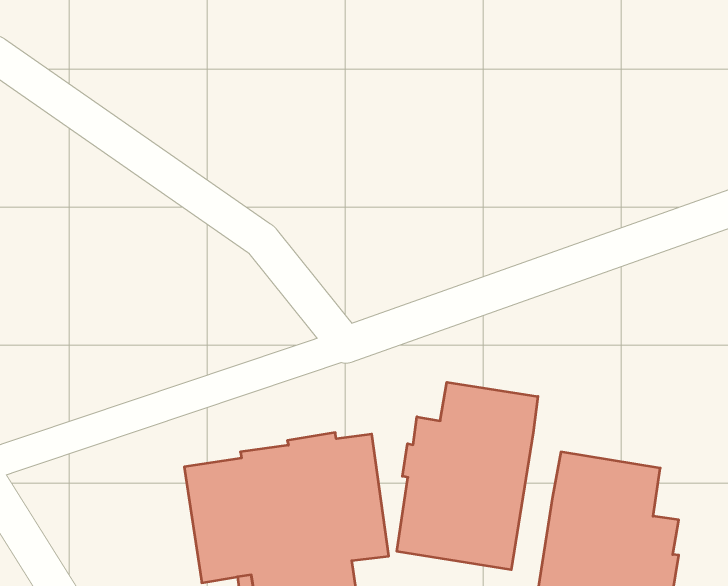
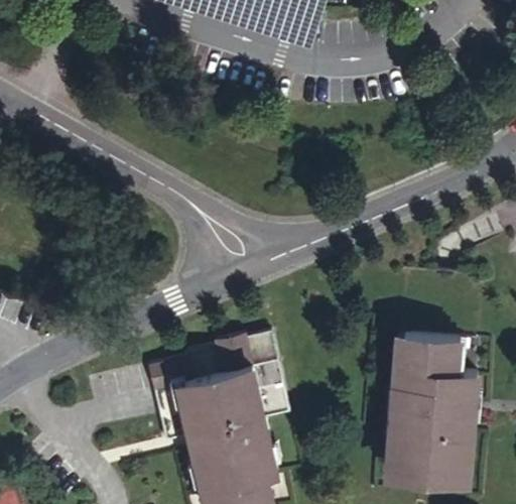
building: [397,382,538,570] -> none

